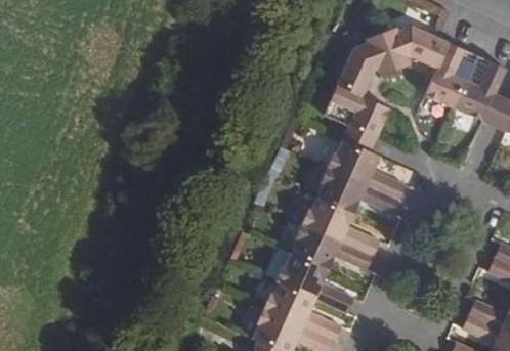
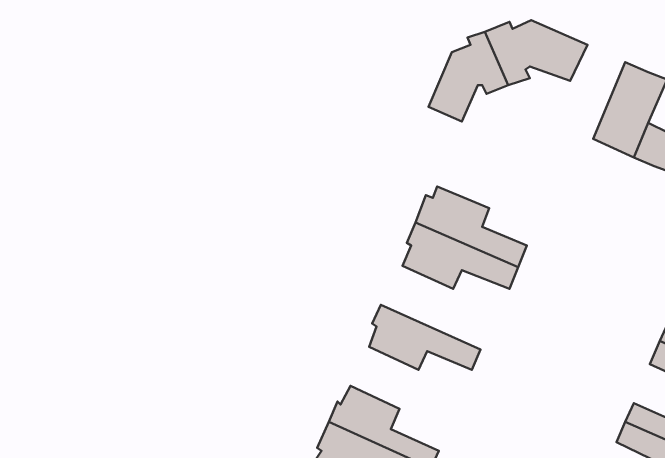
building: [422,42,474,108] -> none
building: [324,86,384,153] -> none
building: [301,199,380,258] -> none
building: [277,256,354,315] -> none

